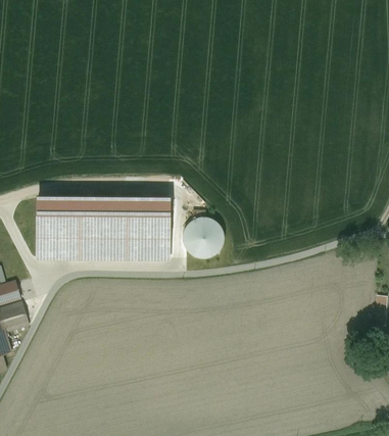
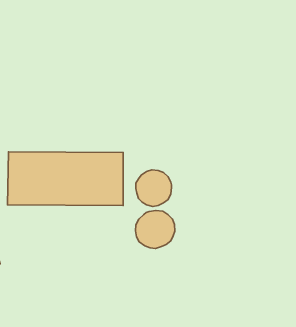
building: none -> [135,210,175,248]

